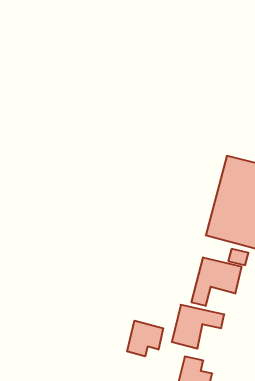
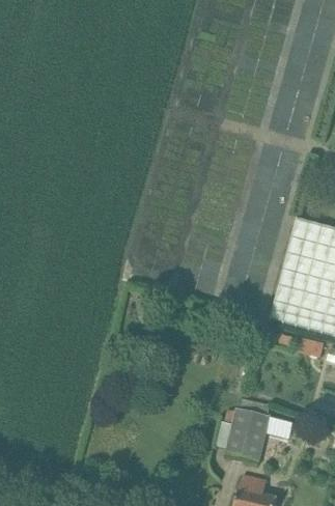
building: [192,257,241,306] -> none
building: [127,321,163,356] -> none

